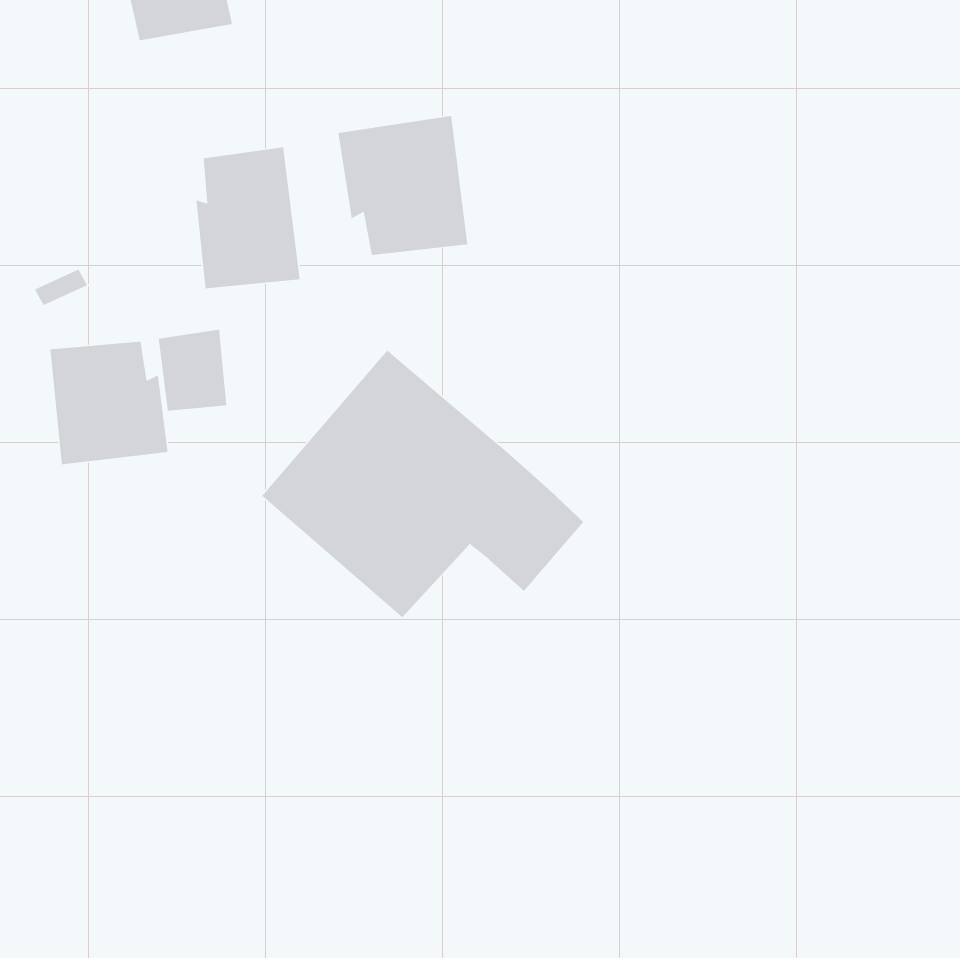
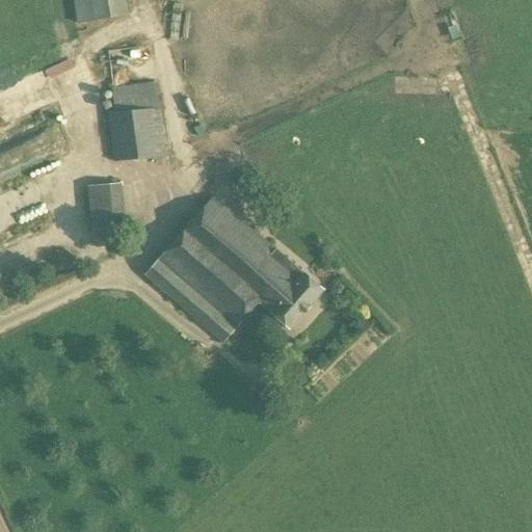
building: [338,115,468,256] -> none
building: [50,341,169,465] -> none

